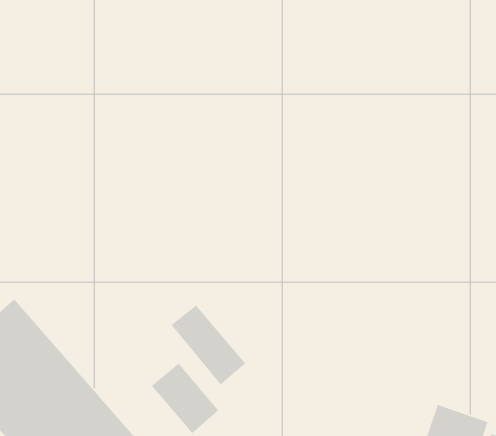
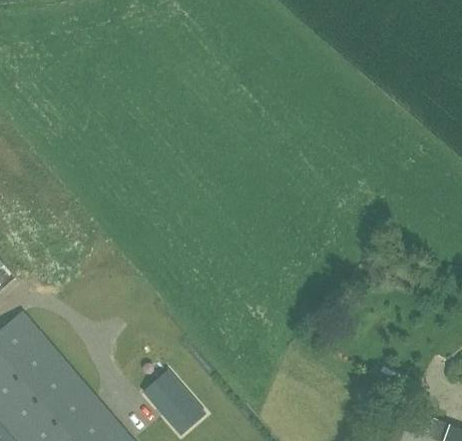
building: [171,304,246,385] -> none

